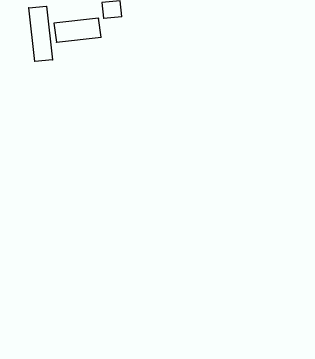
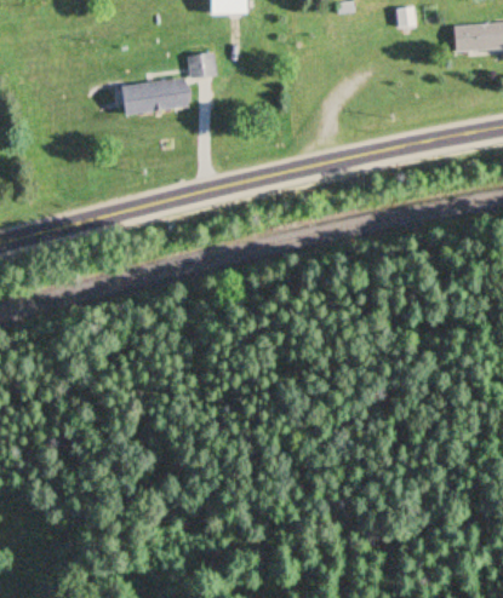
building: [29,6,53,61] -> none

